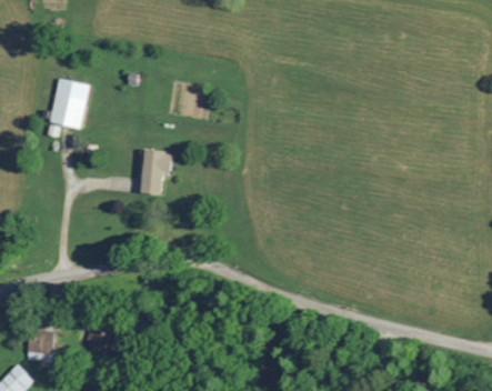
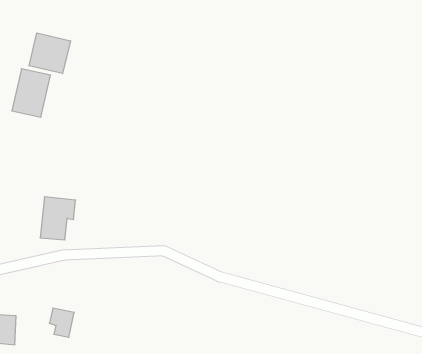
building: none -> [29,33,70,74]
building: [135,149,172,193] -> [40,197,76,240]

